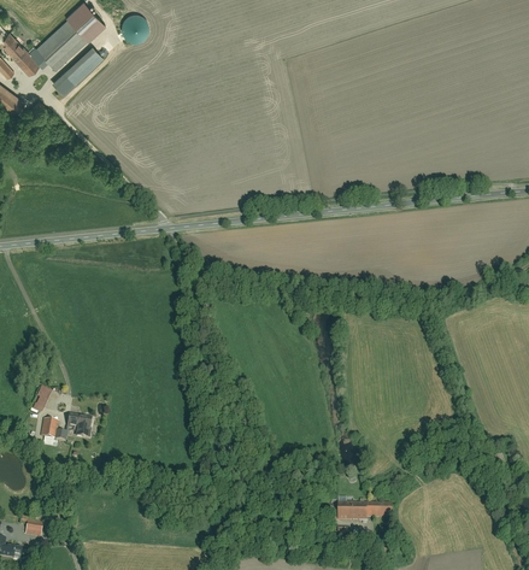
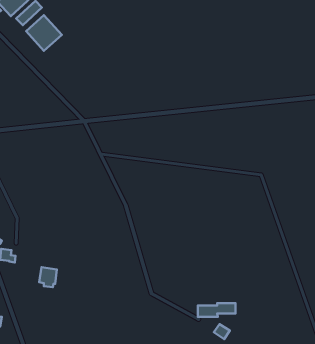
building: none -> [26,15,62,51]
building: [66,410,93,440] -> [39,267,57,287]

